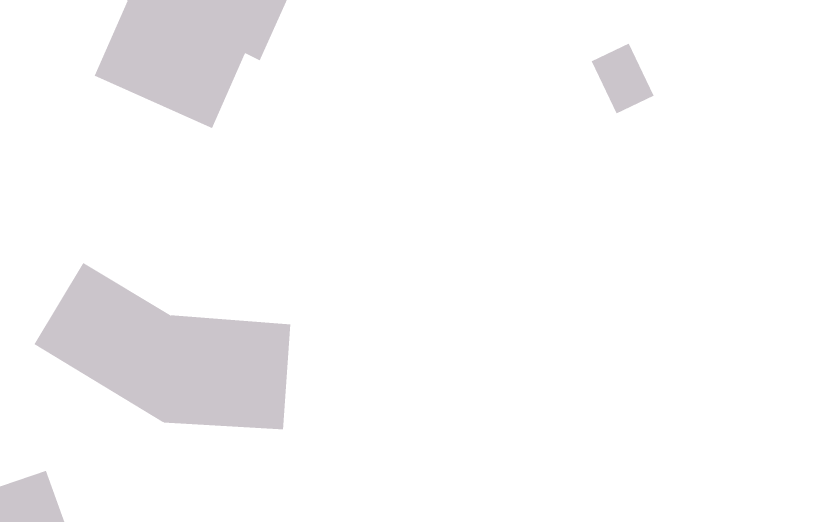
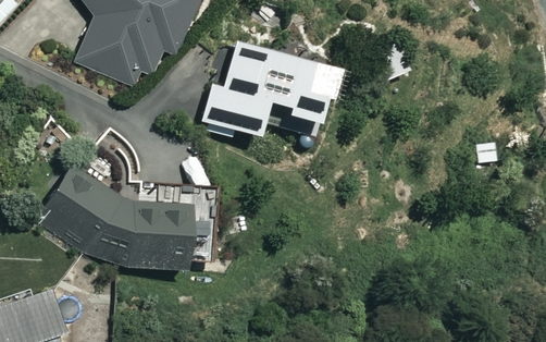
building: none -> [202,41,344,136]

